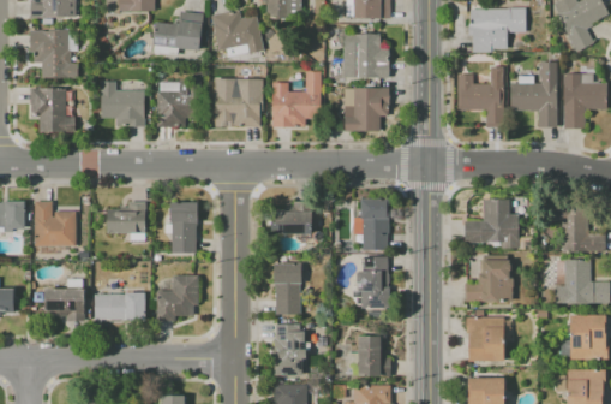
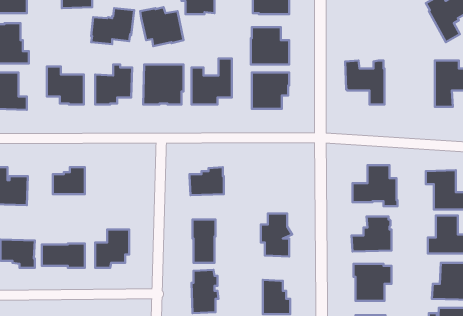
building: [468,7,526,53] -> none
building: [509,61,556,126] -> none
building: [360,198,388,250] -> none
building: [169,202,197,252] -> none

